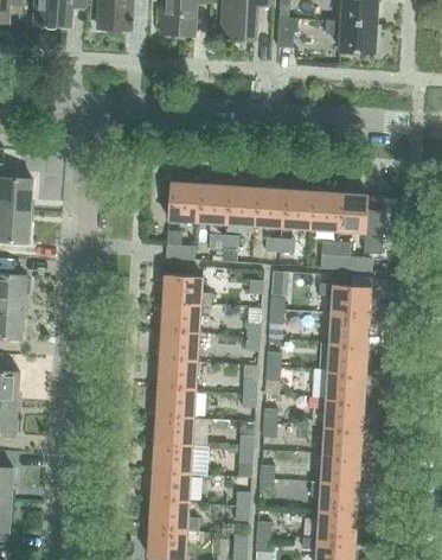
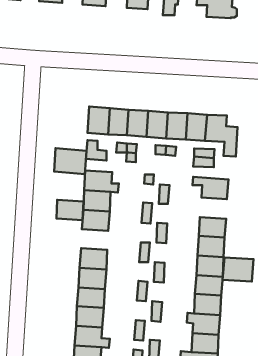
building: none -> [54,148,86,174]
building: [329,313,369,344] -> none
building: [158,359,197,389] -> [56,200,83,220]
building: none -> [222,257,254,282]

